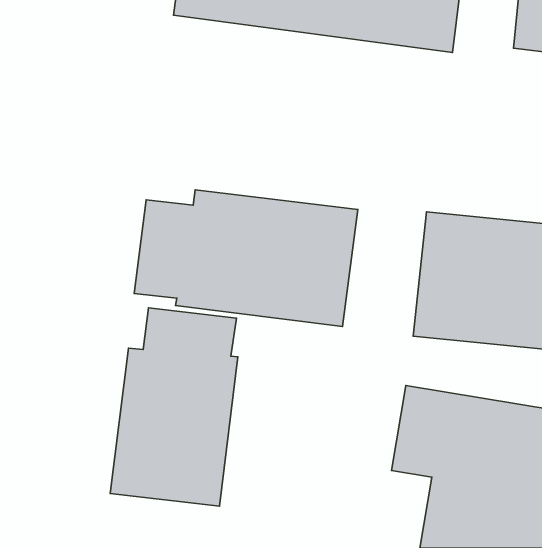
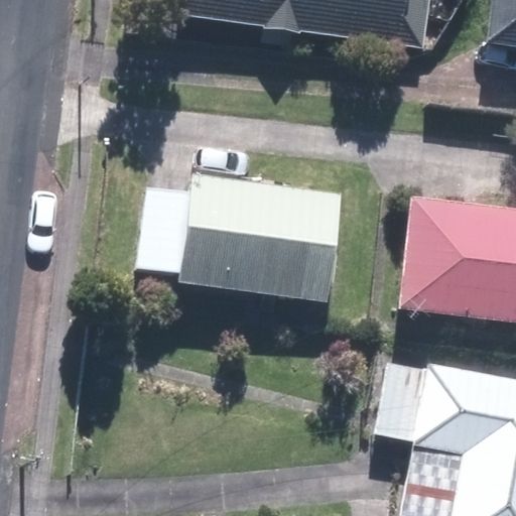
building: [110,308,238,506] -> none

